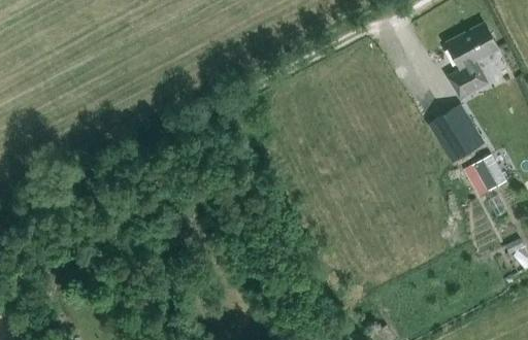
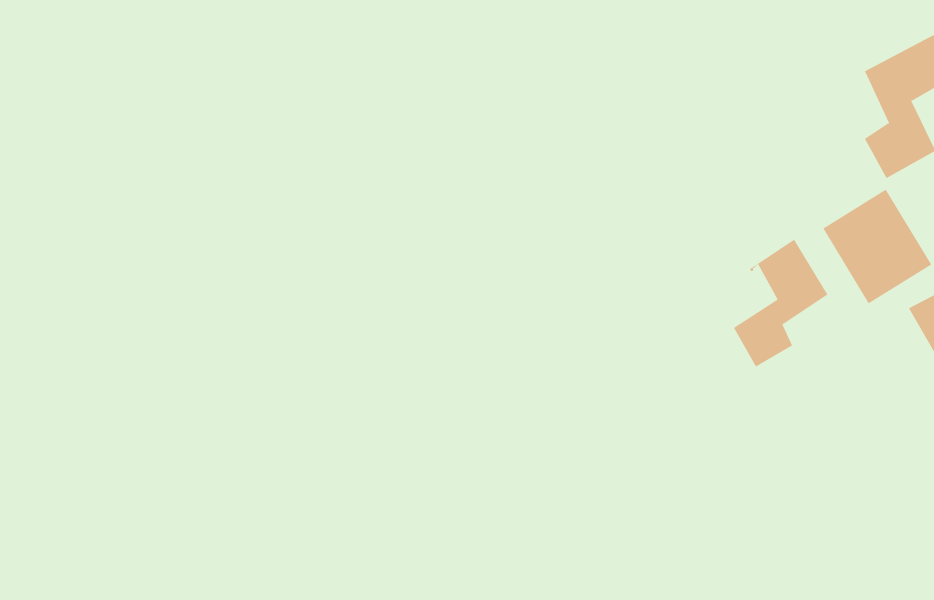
building: none -> [733,239,828,368]

